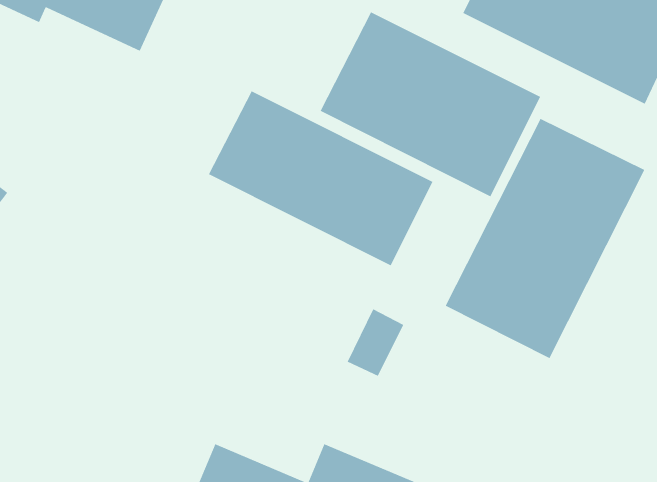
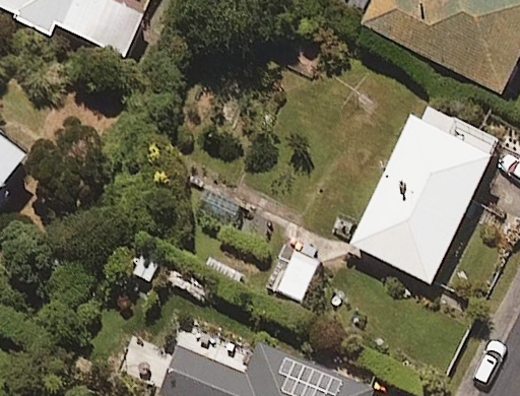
building: [320,12,541,197] -> none
building: [208,91,433,266] -> none

